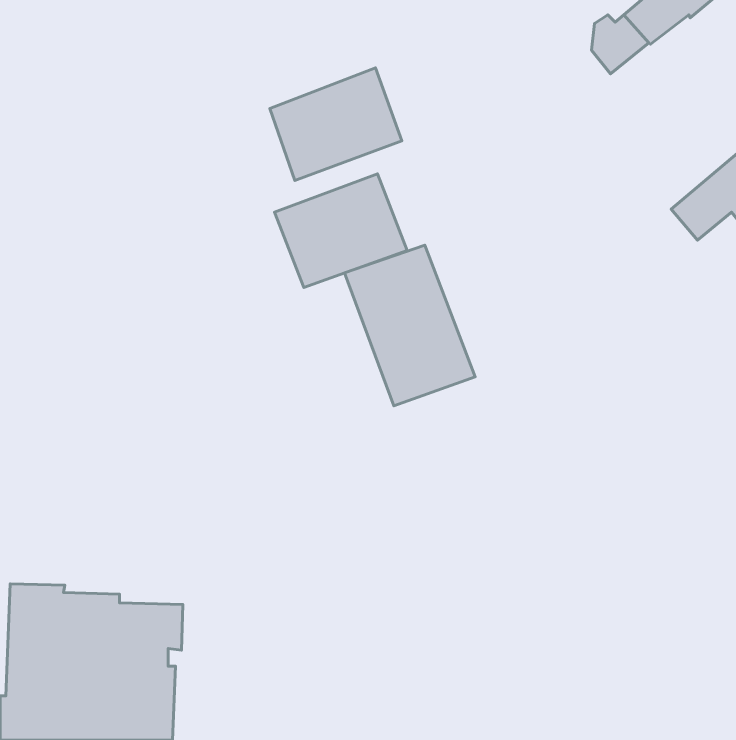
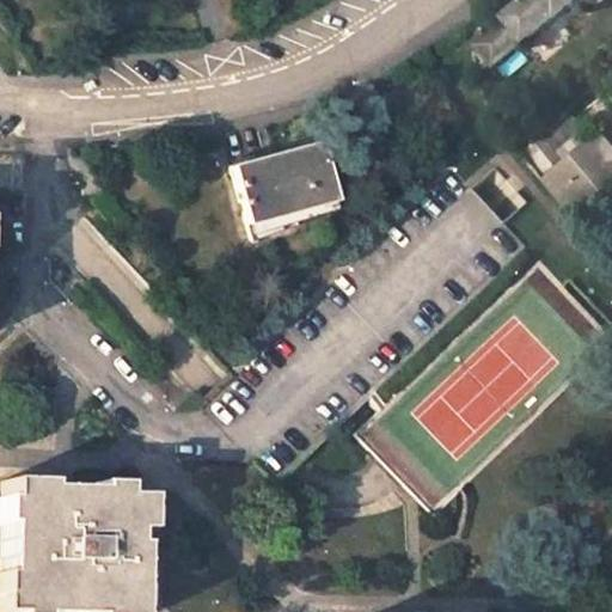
building: [270,68,402,180] -> none
building: [345,245,475,406] -> none

